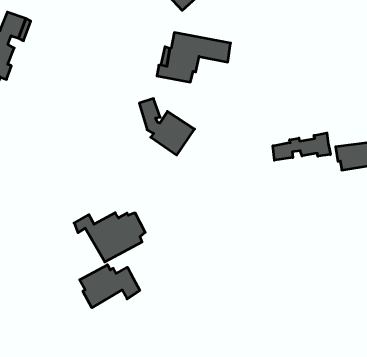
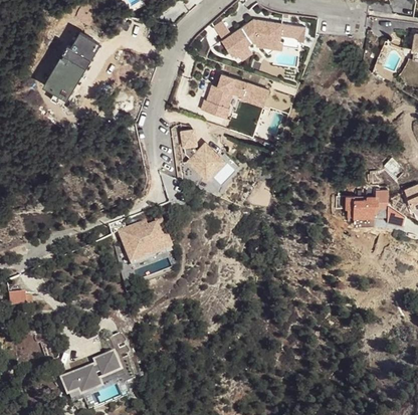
building: [273,133,330,160] -> none
building: [80,265,140,308] -> none

